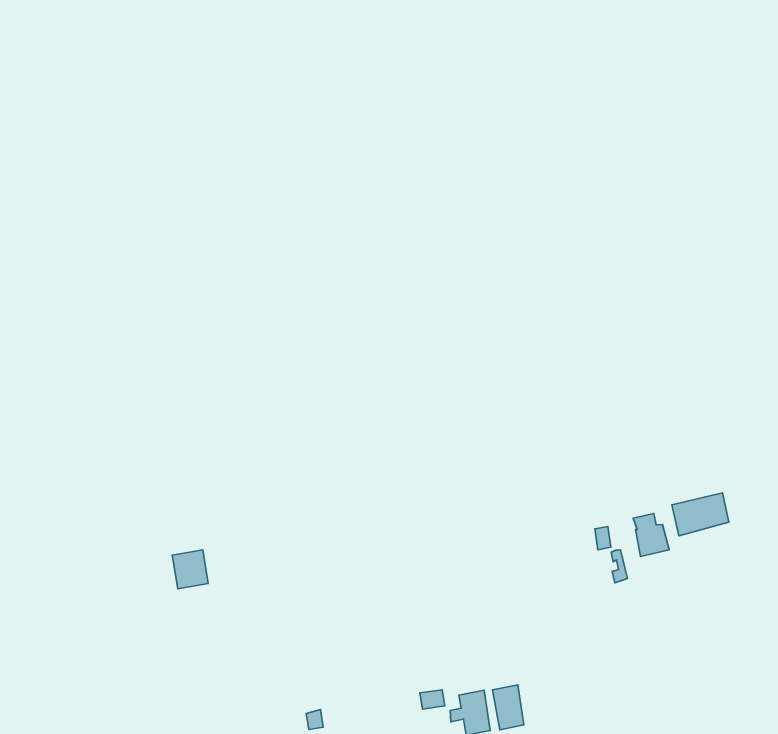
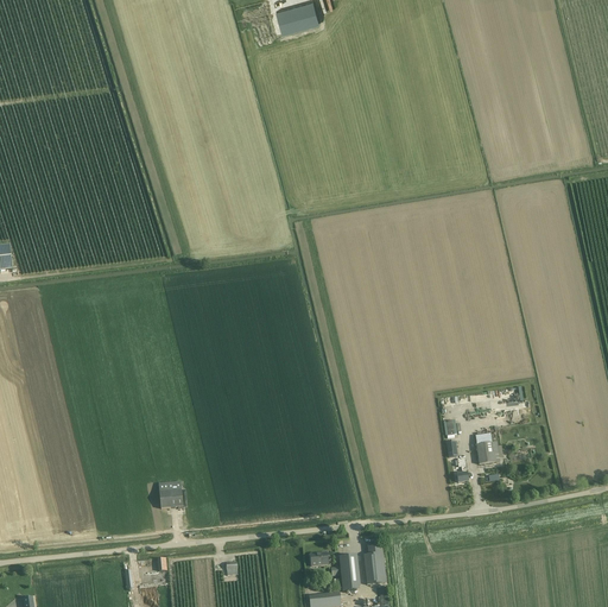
building: [672,493,729,536] -> none
building: [172,550,208,589] -> [158,481,183,508]

